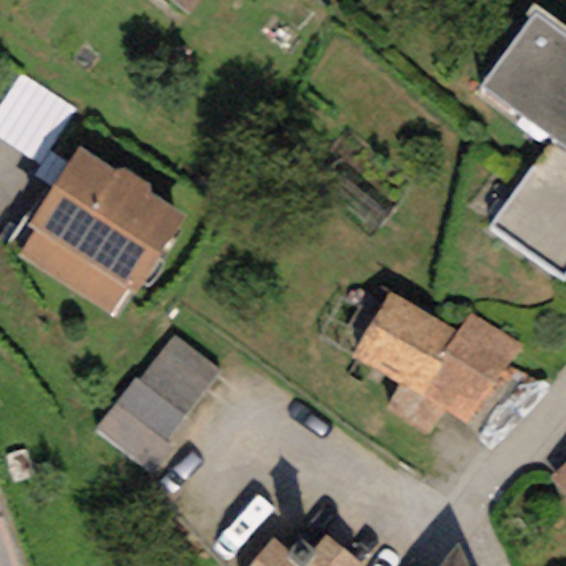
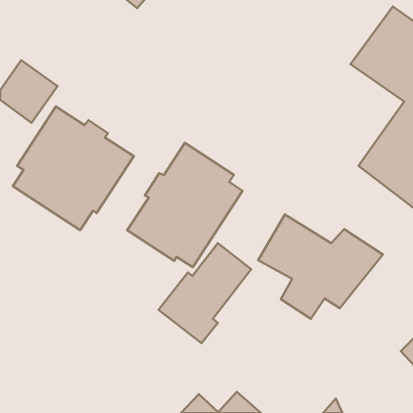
building: none -> [127,143,243,267]
building: [94,336,220,472] -> [159,243,251,343]

